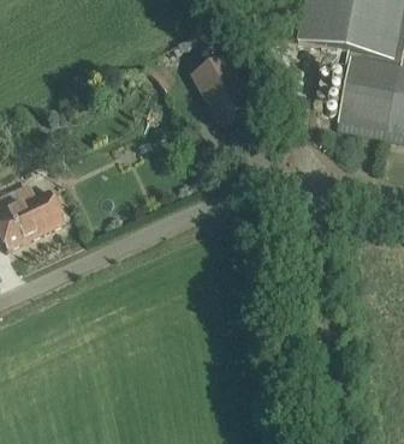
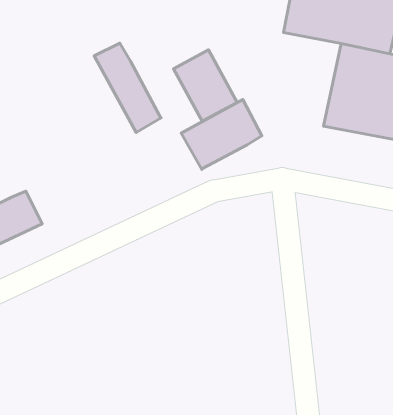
building: none -> [94,43,161,133]
building: none -> [181,99,262,170]

